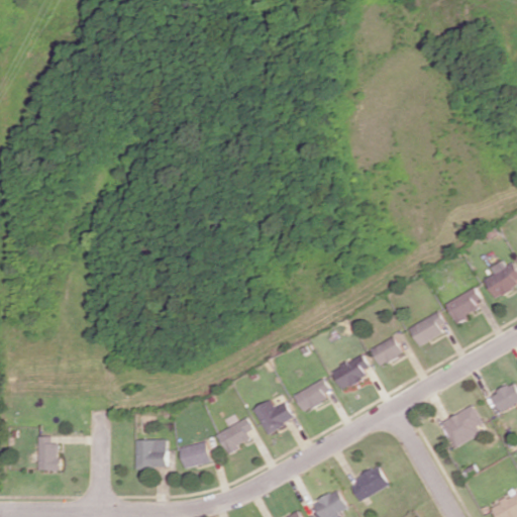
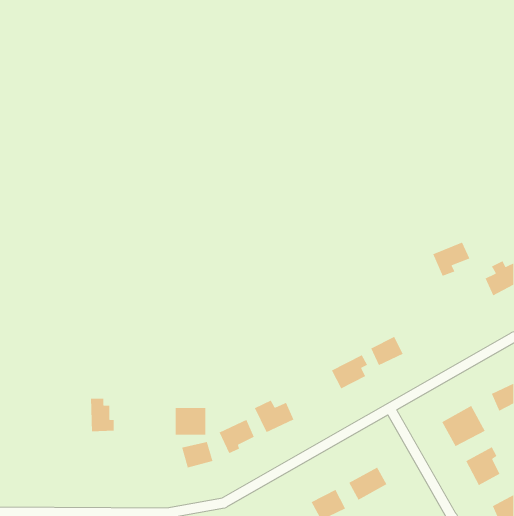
building: [444,289,483,324] -> [432,242,471,277]
building: [408,313,443,345] -> none
building: [294,379,332,411] -> none
building: [36,436,61,471] -> [90,398,114,432]
building: [137,439,169,468] -> [175,407,206,436]
building: none -> [465,446,500,486]

